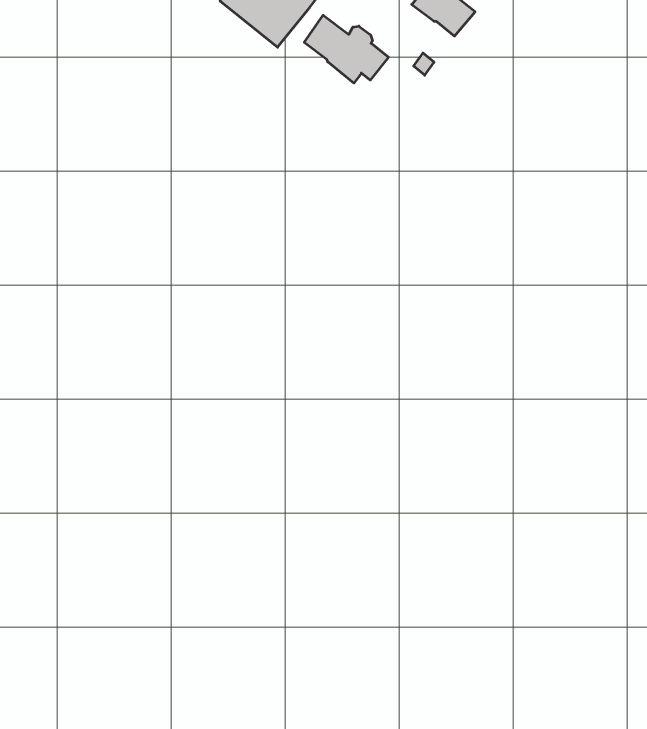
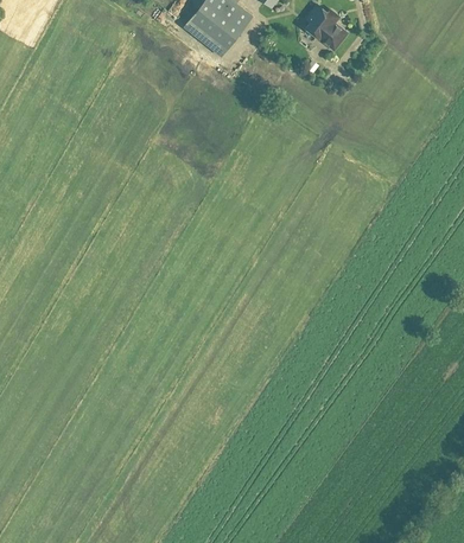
building: [304,15,388,83] -> none

